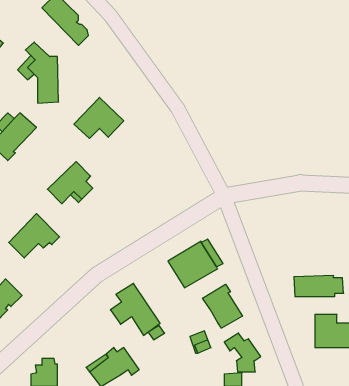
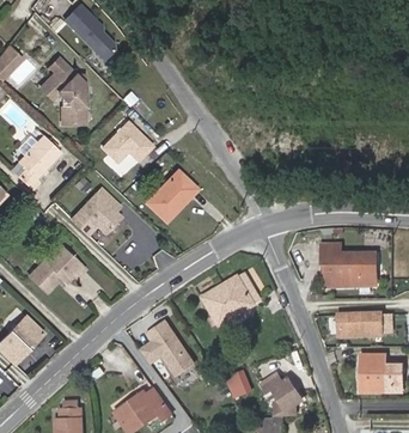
building: none -> [146,170,197,221]
building: none -> [321,244,377,286]
building: [203,284,242,328] -> none

